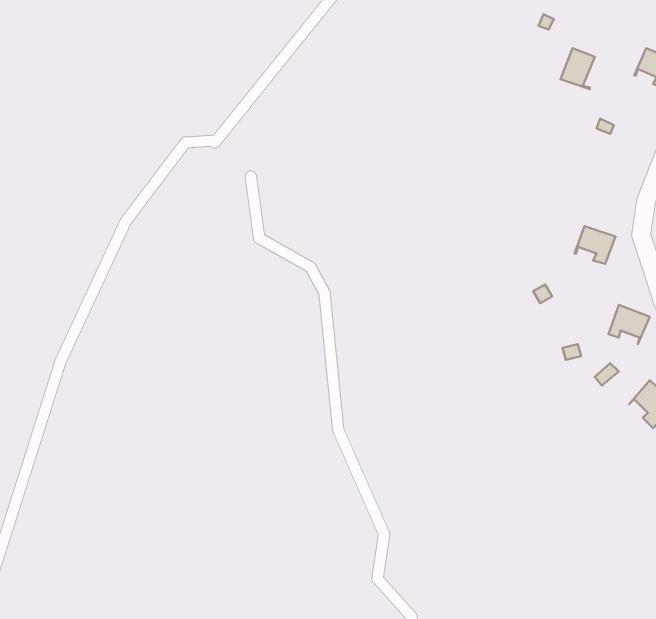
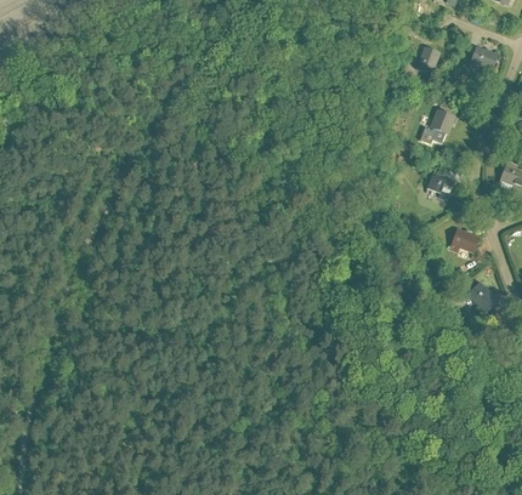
building: none -> [420,108,455,142]

